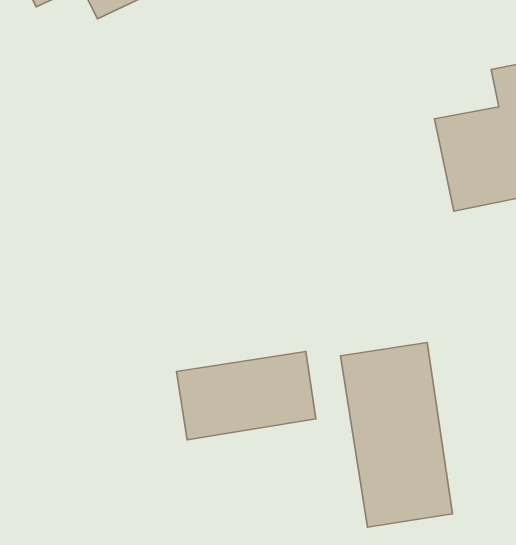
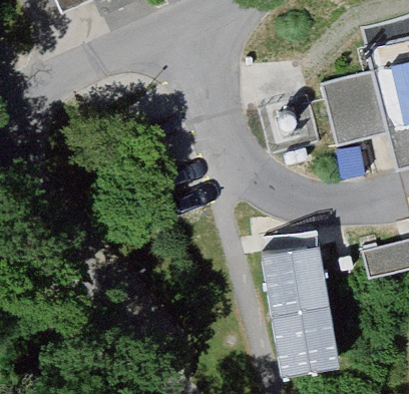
building: [176,352,316,440] -> none

